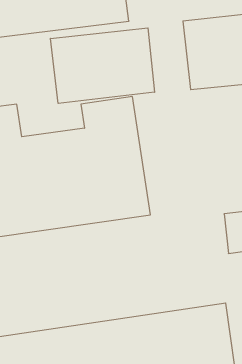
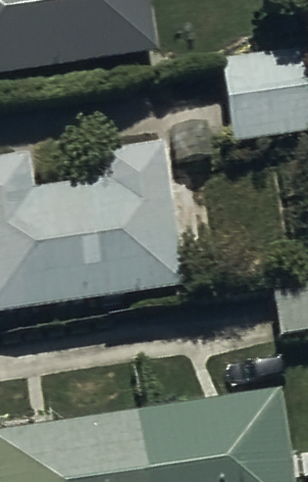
building: [50,28,155,103] -> none

